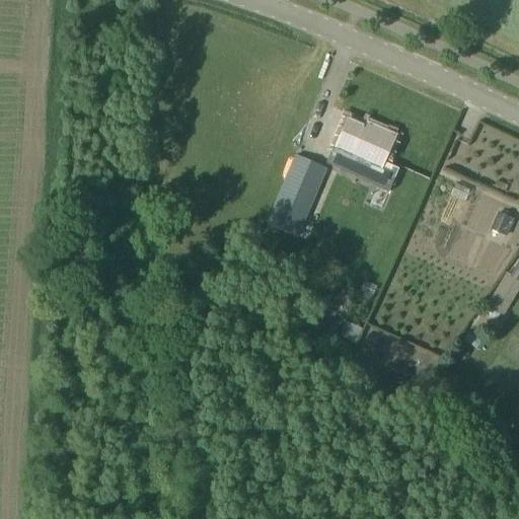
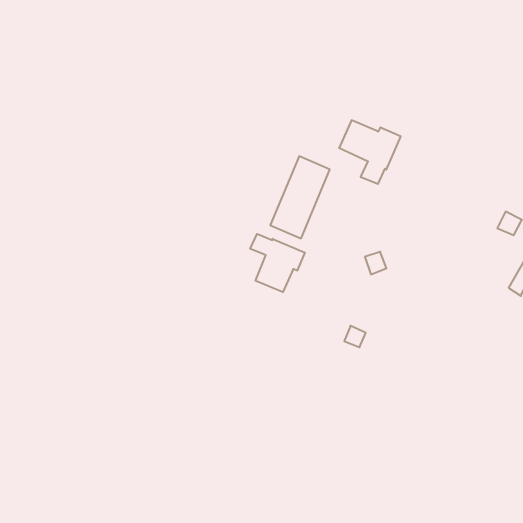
building: none -> [250,234,305,292]

